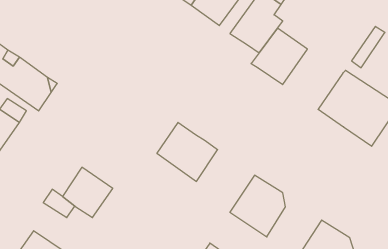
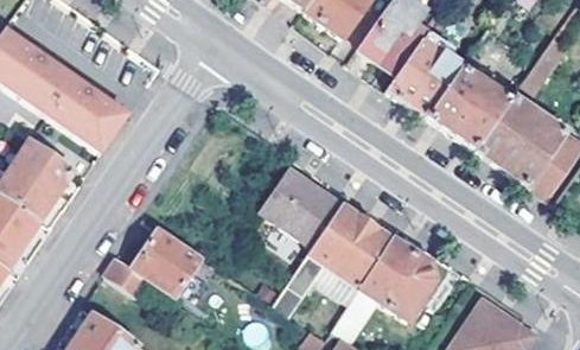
building: none -> [429,70,510,151]
building: none -> [274,205,391,316]

